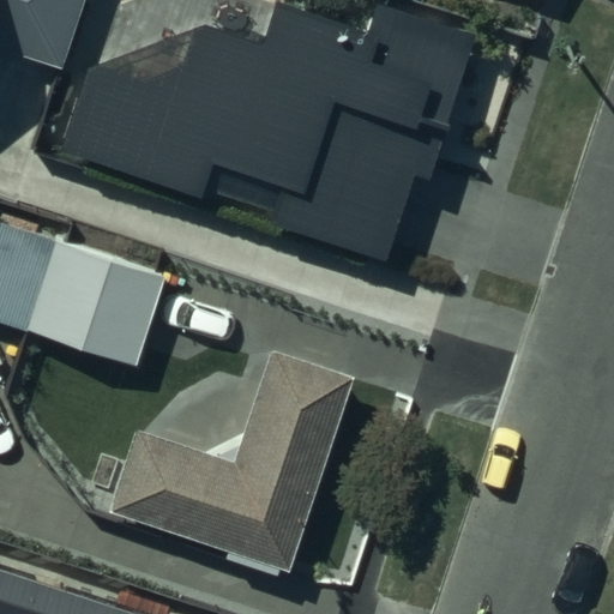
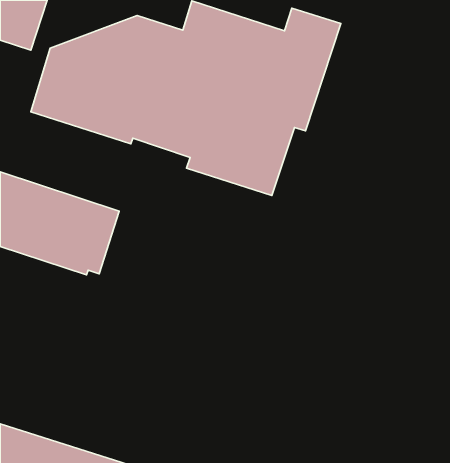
building: [108,349,350,577] -> none

